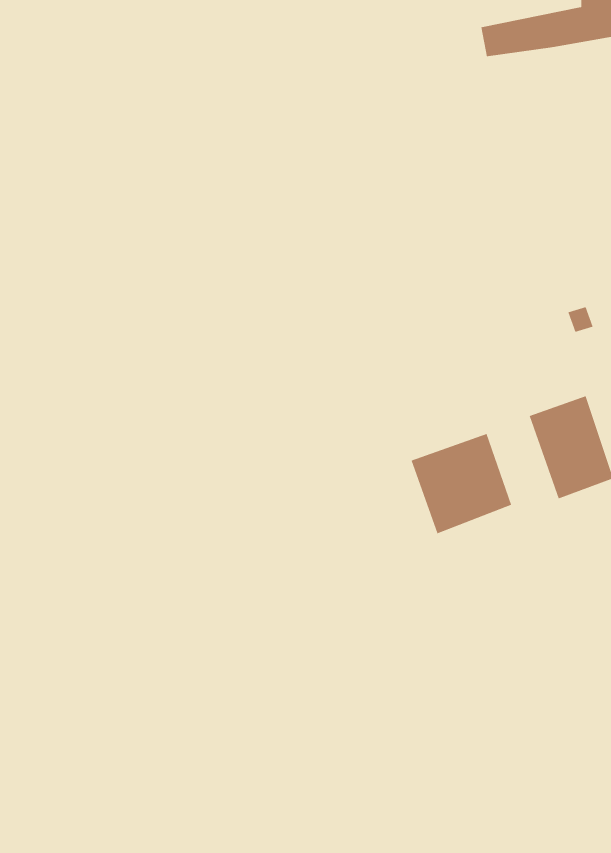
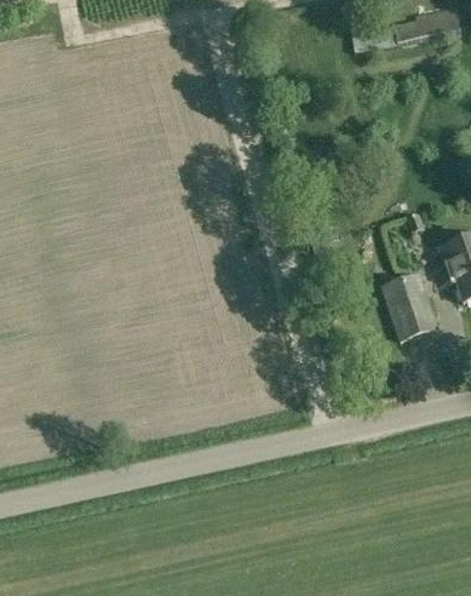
building: [411,433,512,534] -> none

